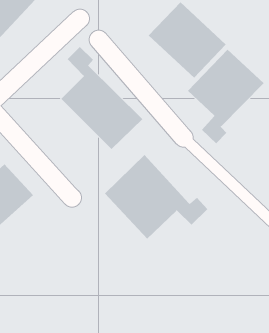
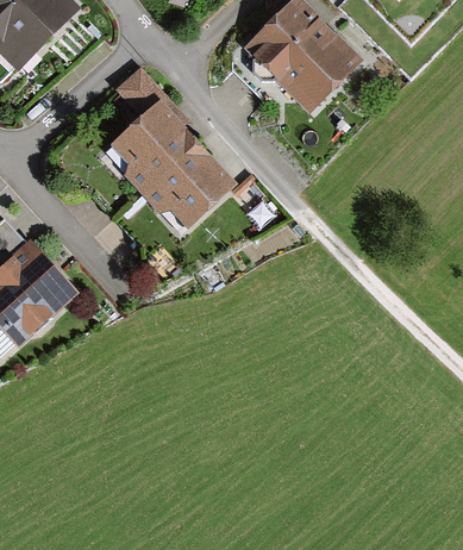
building: [187,49,264,144] -> none
building: [104,154,208,239] -> none

